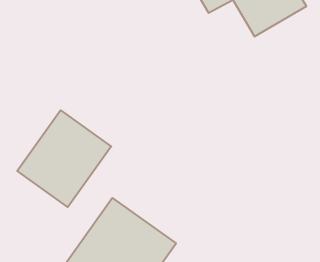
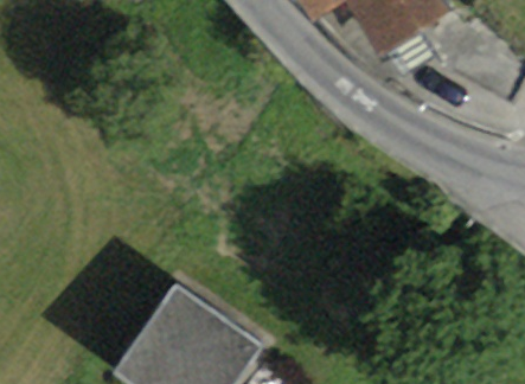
building: [17,110,111,207] -> none

